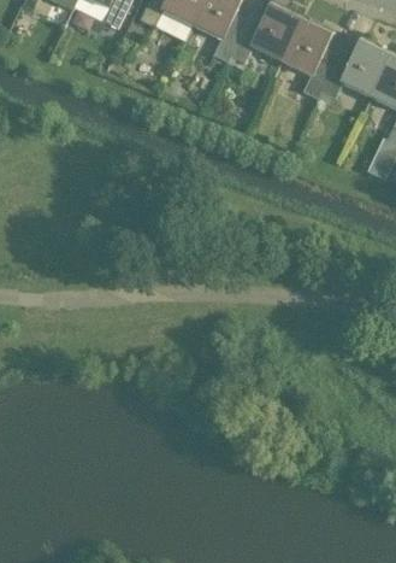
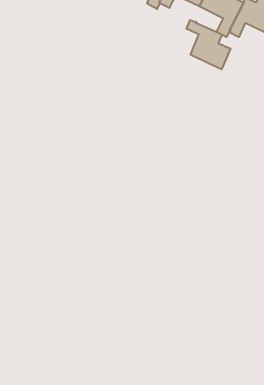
building: none -> [187,20,231,69]

